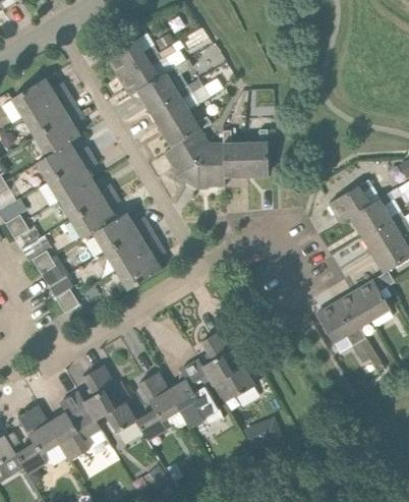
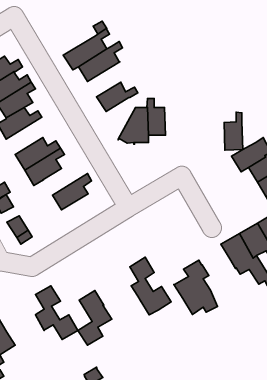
building: [107,39,159,76] -> none
building: [149,78,203,128] -> none
building: [245,128,269,176] -> [224,112,243,150]
building: [164,129,209,181] -> none
building: [47,154,97,201] -> none
building: [93,212,149,252] -> none
building: [116,242,165,289] -> none
building: [168,358,223,427] -> [174,260,218,315]
building: [48,391,106,460] -> none
building: [243,420,273,448] -> none

